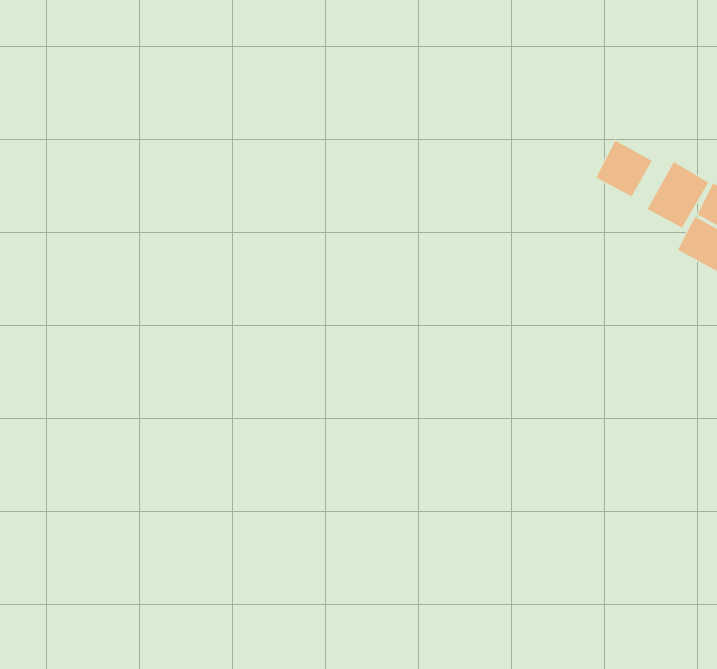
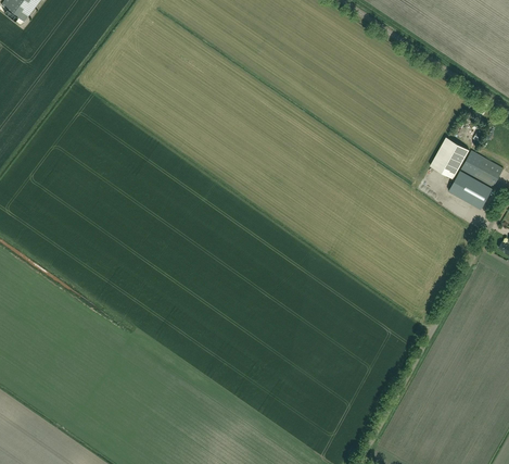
building: [595,140,652,197] -> none

